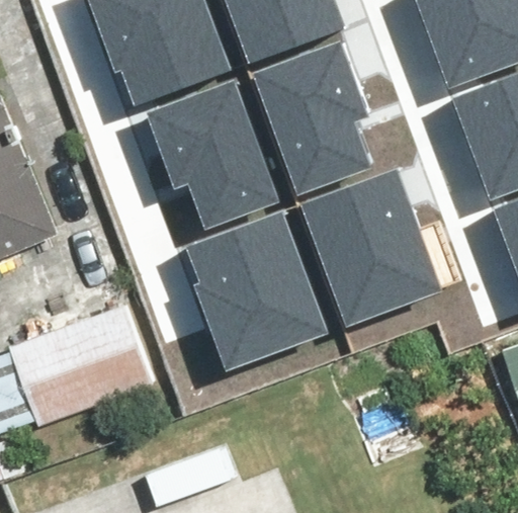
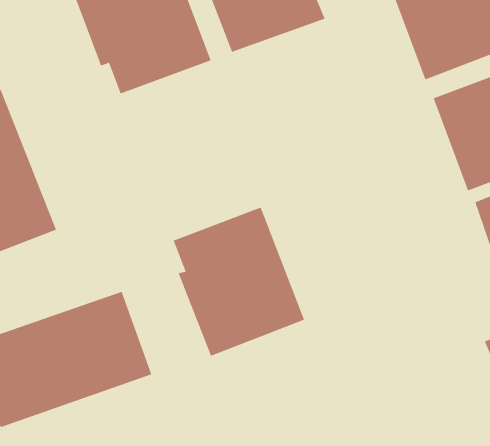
building: [252,40,371,189] -> none
building: [141,81,274,223] -> none
building: [303,169,445,324] -> none

